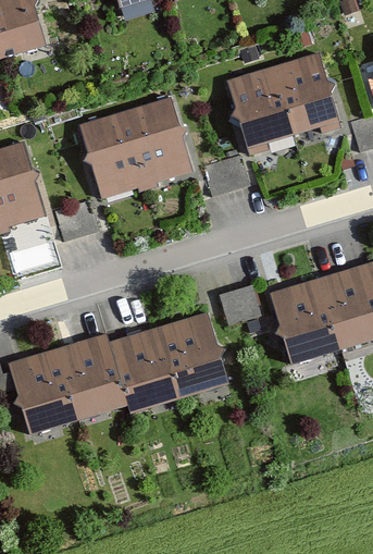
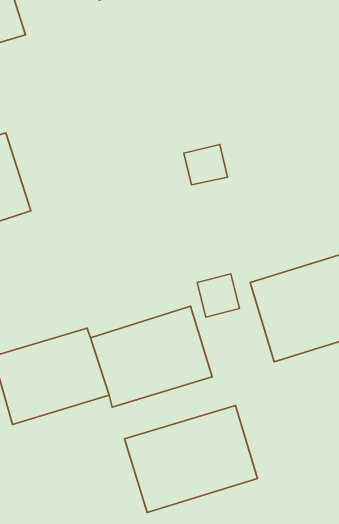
building: [226,52,338,155] -> none
building: [80,98,192,197] -> none
building: none -> [124,405,257,513]

